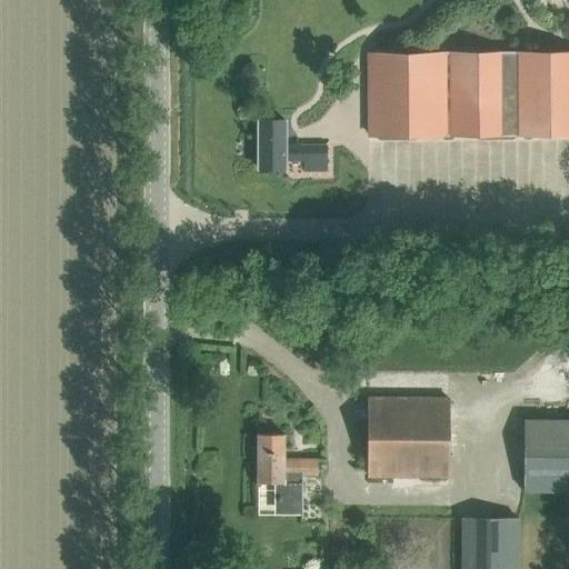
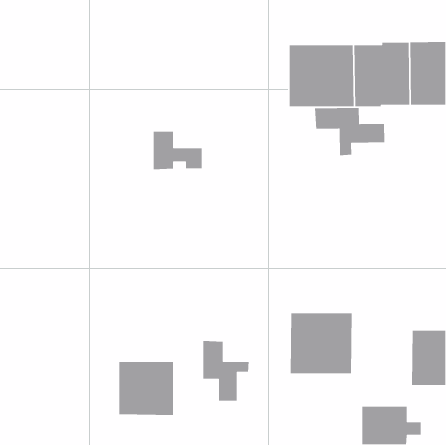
building: [262,122,326,172] -> [153,131,203,170]
building: none -> [314,107,385,156]
building: none -> [119,361,174,416]

